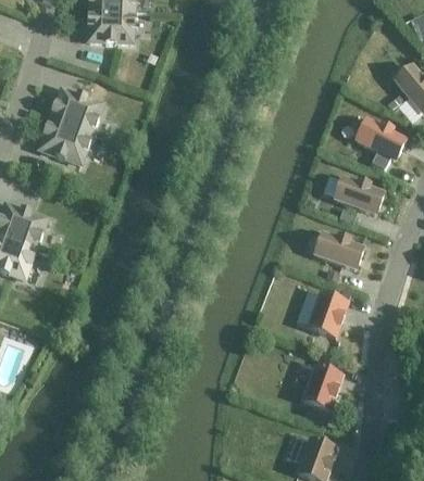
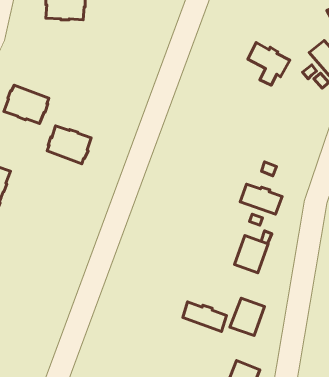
building: [50,89,101,134] -> [47,126,91,164]
building: [356,119,404,169] -> [248,42,290,85]
building: [334,178,383,214] -> none
building: none -> [183,302,226,331]

